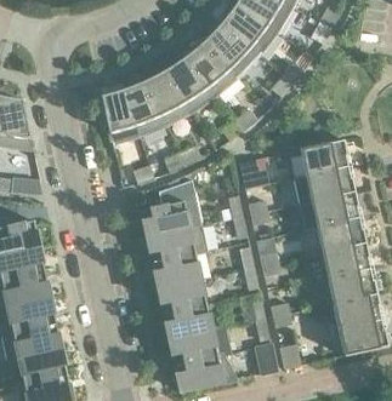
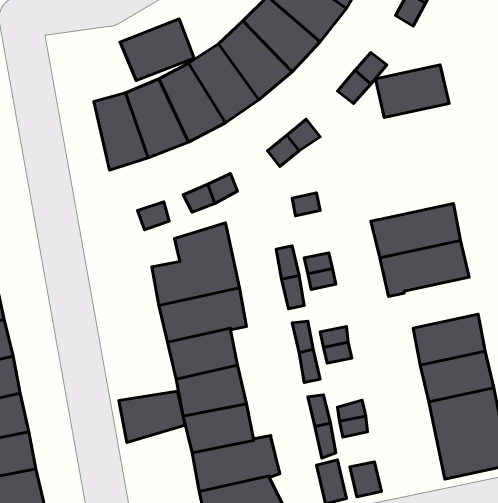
building: none -> [120,19,194,80]
building: [299,139,350,176] -> [375,65,449,117]
building: [316,217,367,252] -> none
building: none -> [119,391,185,443]

